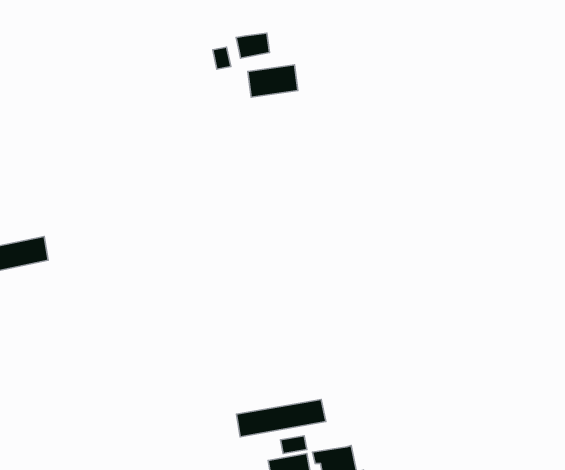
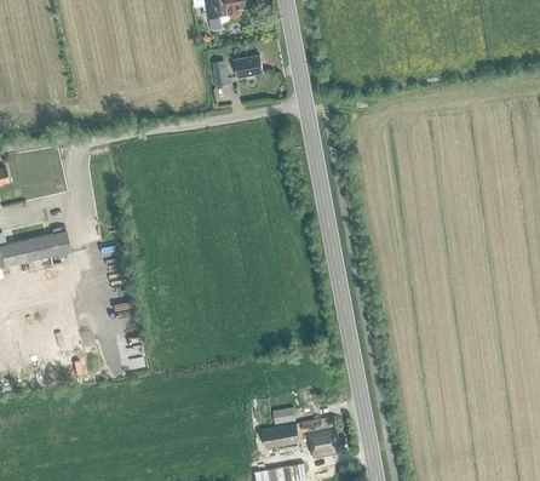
building: [248,65,298,97] -> none
building: [237,399,326,437] -> none

